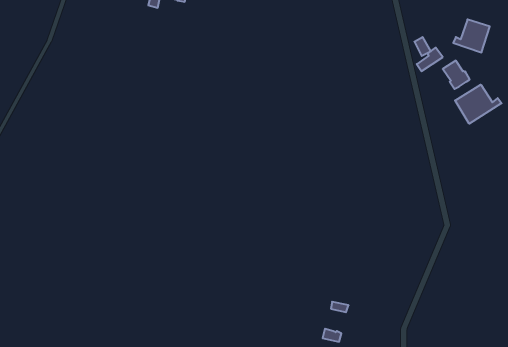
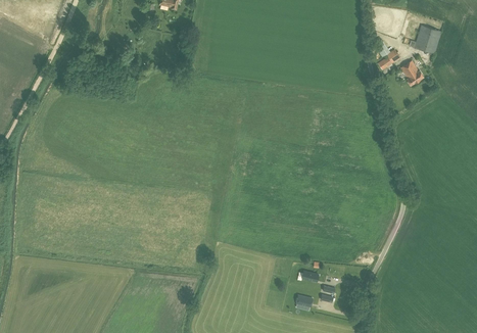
building: [455,85,502,124] -> none

